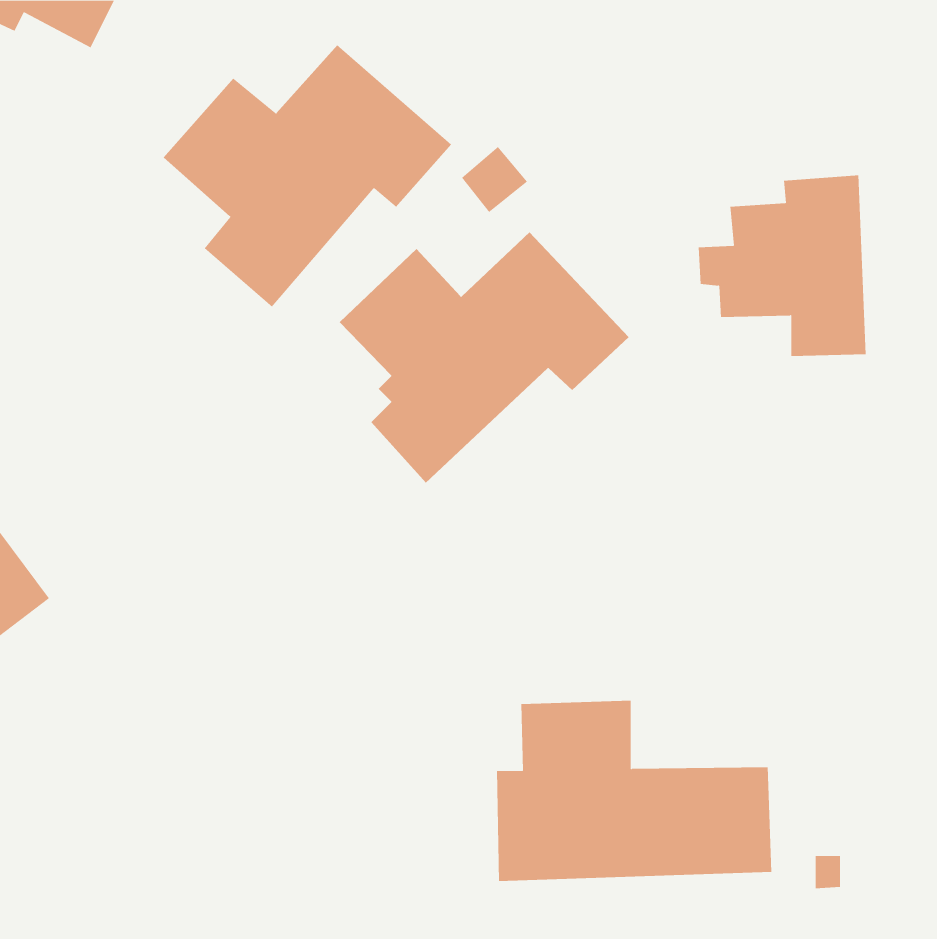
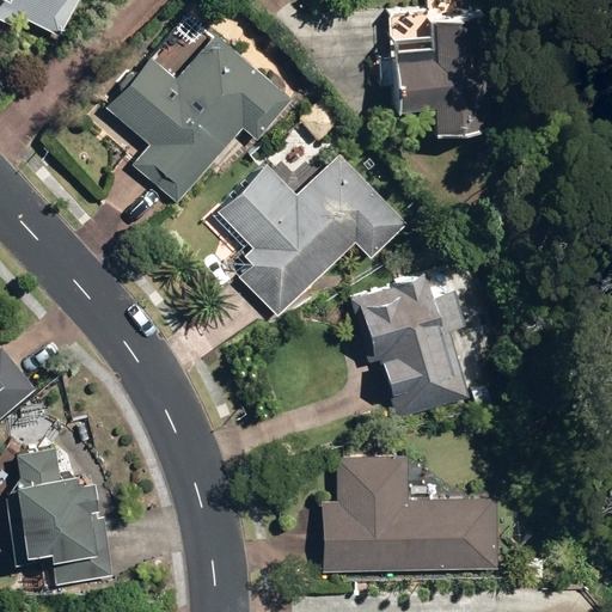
building: [698,175,866,356] -> [379,13,488,130]
building: none -> [350,274,466,418]
building: none -> [8,448,109,582]

